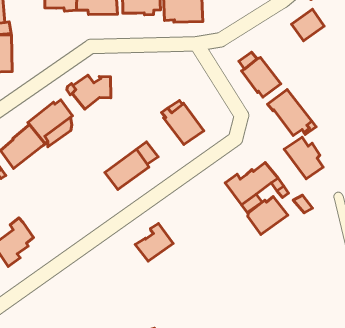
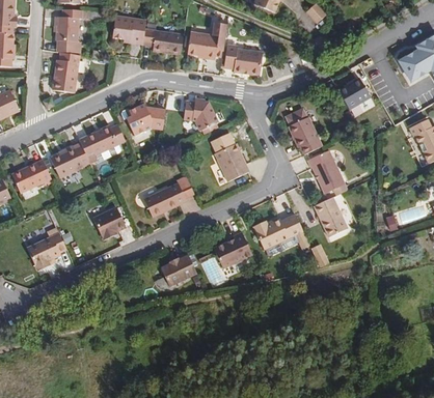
building: none -> [184,96,218,133]
building: none -> [93,206,127,239]
building: [248,196,288,234] -> [215,233,252,266]

